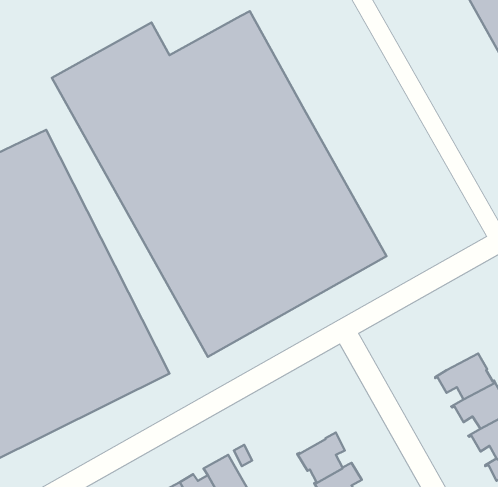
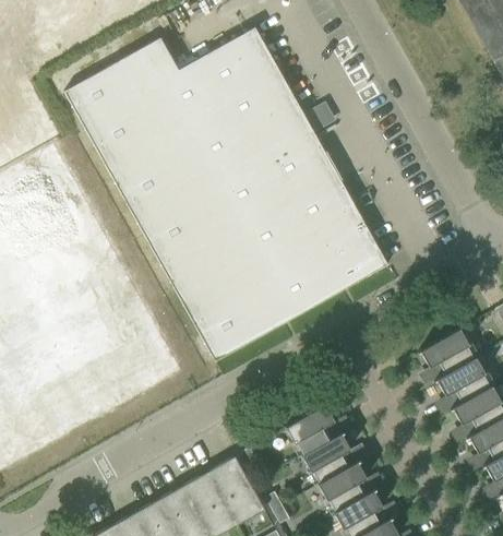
building: none -> [419,329,477,374]
building: none -> [287,404,332,455]

